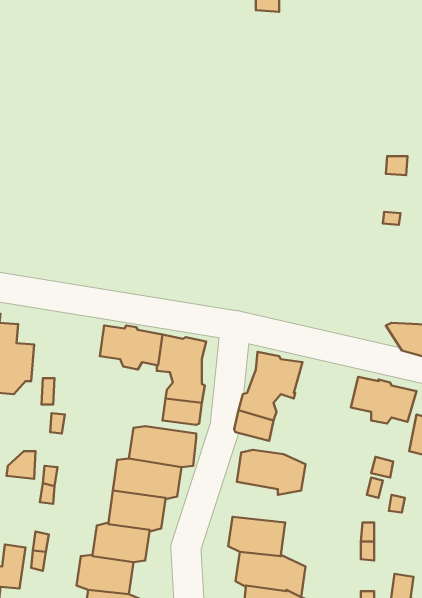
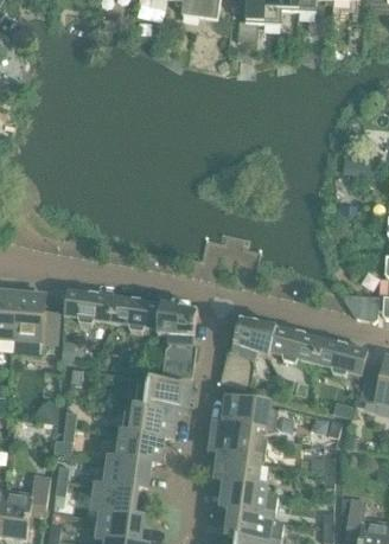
building: none -> [62,289,114,326]
building: none -> [268,326,320,363]
building: none -> [210,422,263,456]

